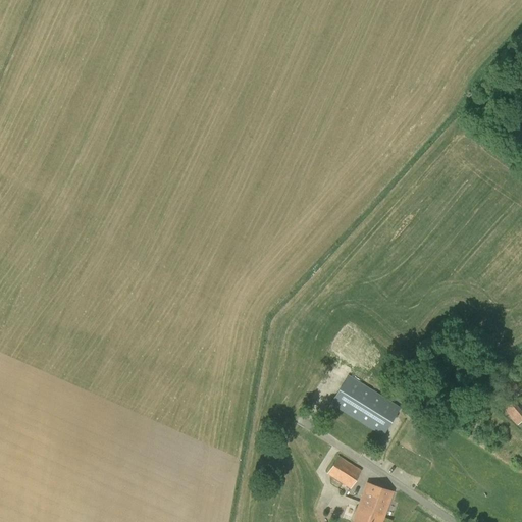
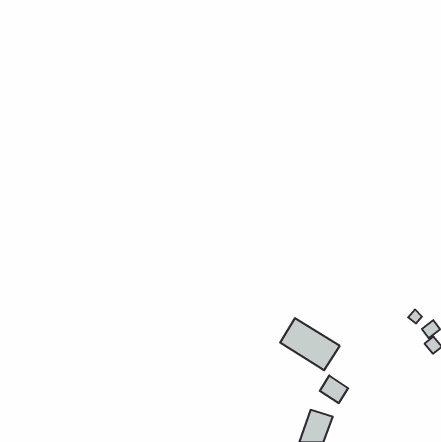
building: [328,456,362,488] -> [320,375,348,403]

